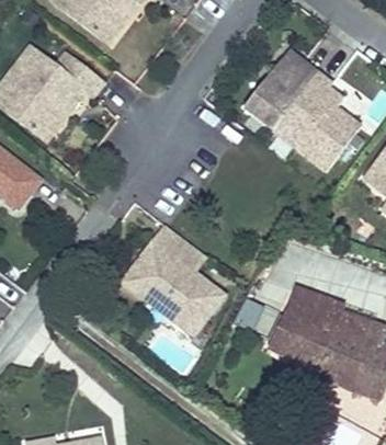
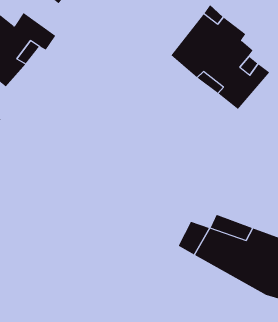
building: [124,226,226,336] -> none

